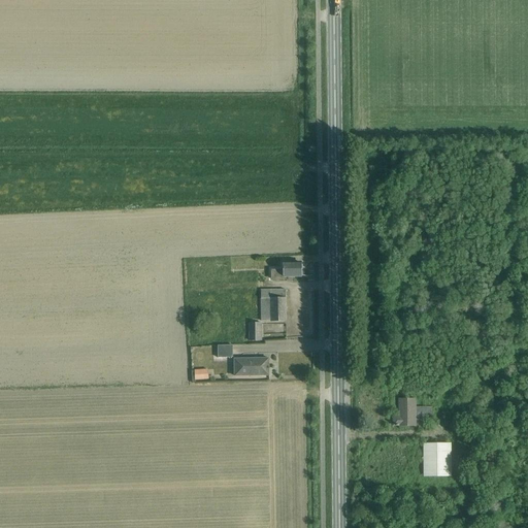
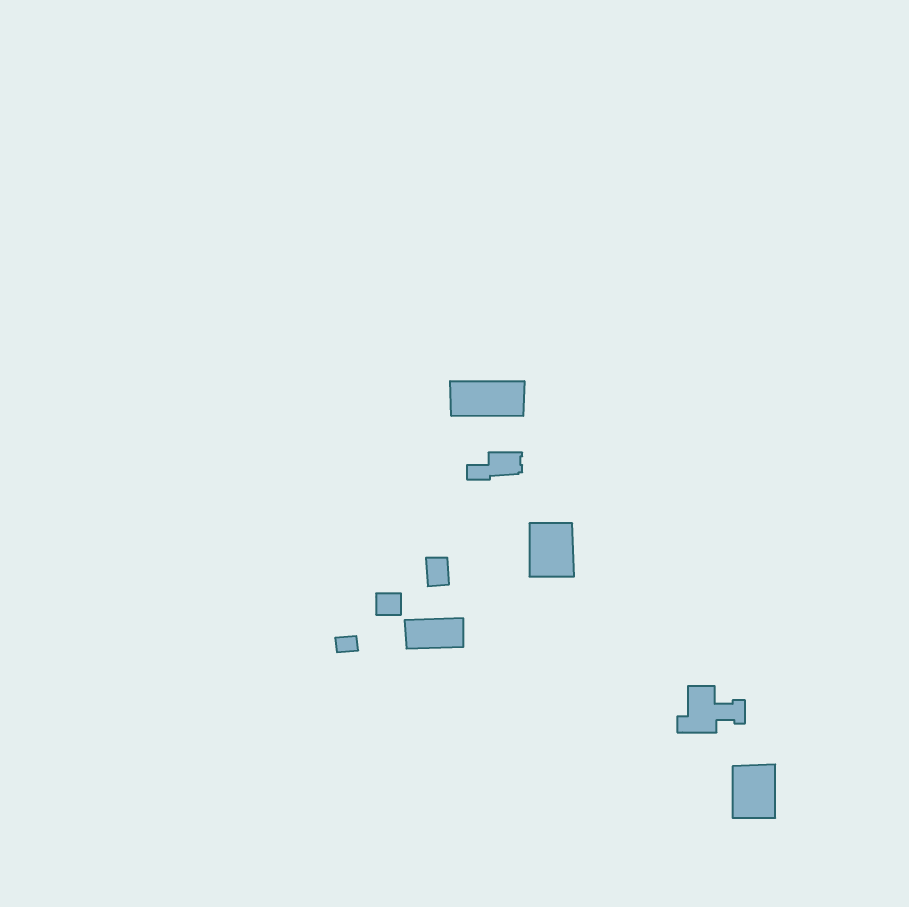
building: none -> [450,381,524,416]
building: [260,289,286,320] -> [529,523,574,577]

